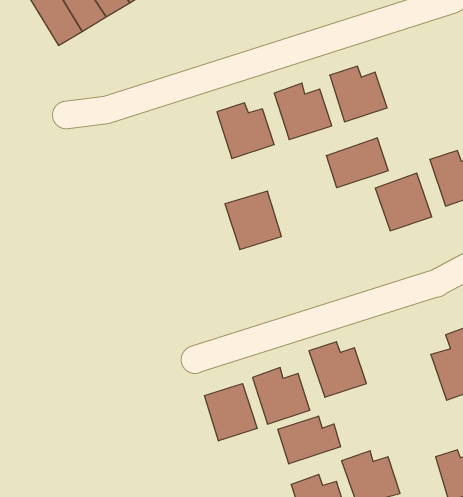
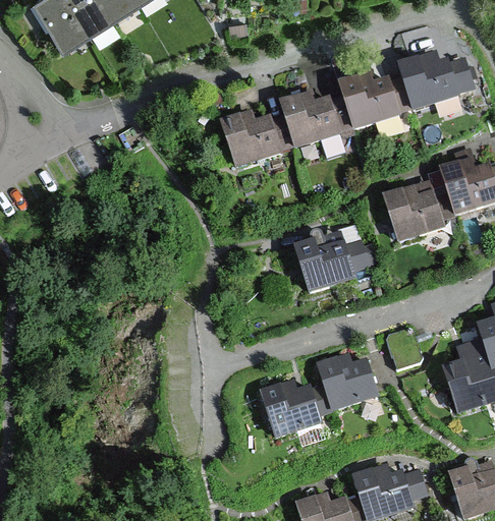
building: none -> [400,51,459,108]
building: [326,138,388,188] -> none
building: [225,191,281,250] -> [297,231,355,291]
building: [204,384,257,441] -> none
building: [278,416,340,464] -> none

